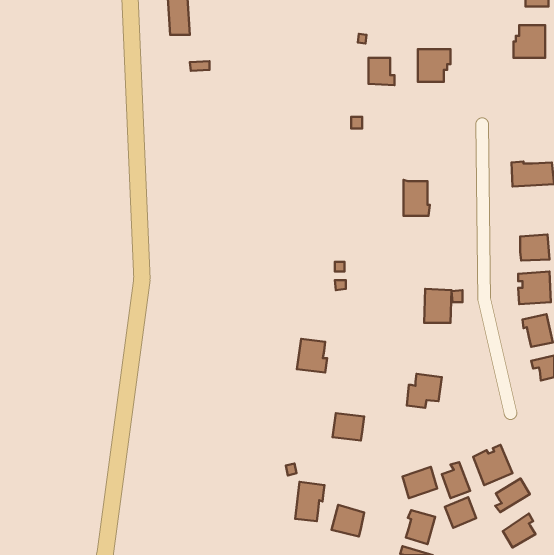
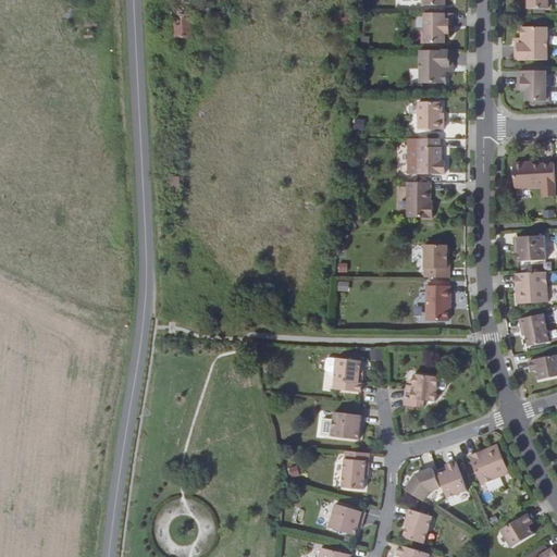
building: none -> [419,11,449,41]
building: [368,58,395,85] -> [414,100,441,127]
building: none -> [515,69,545,99]
building: none -> [404,137,442,173]
building: none -> [423,245,446,277]
building: [297,339,327,373] -> [334,358,364,392]
building: [495,478,530,512] -> none
building: [295,482,325,521] -> [343,454,372,493]
building: [445,497,476,528] -> none

